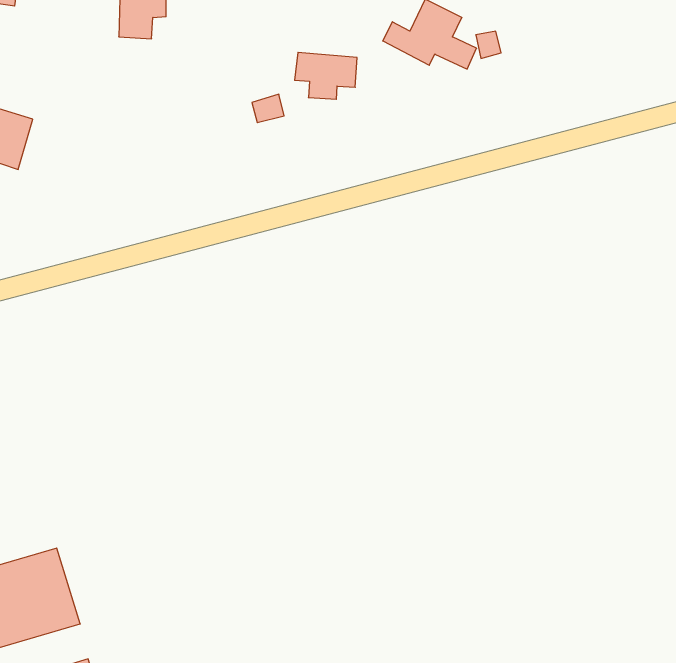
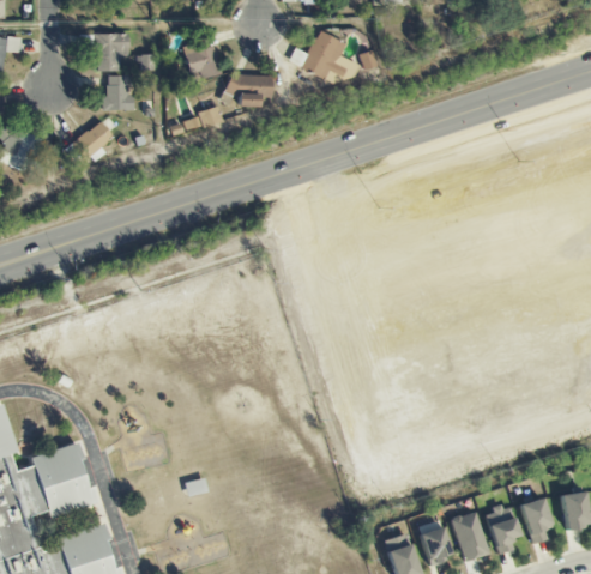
building: none -> [185,44,221,79]
building: none -> [102,75,134,110]
building: none -> [73,120,114,164]

